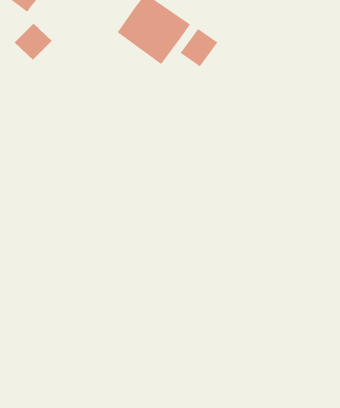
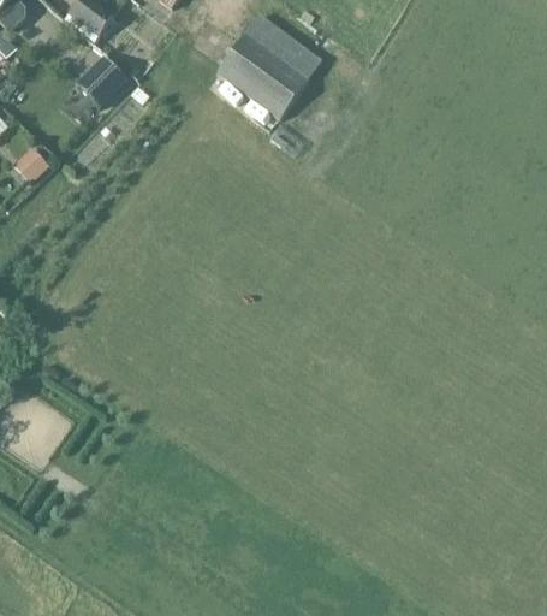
building: [180,28,218,67] -> none

